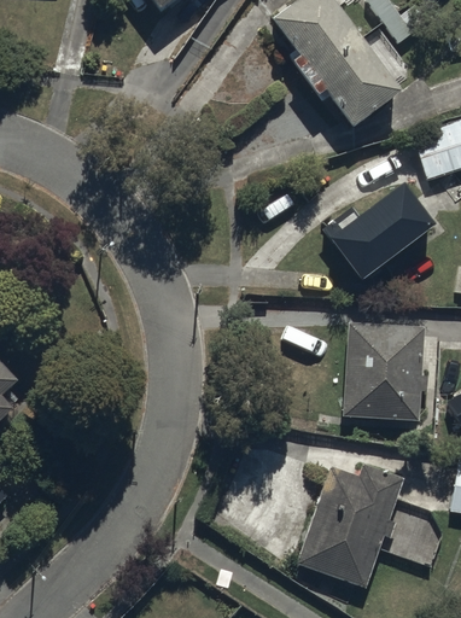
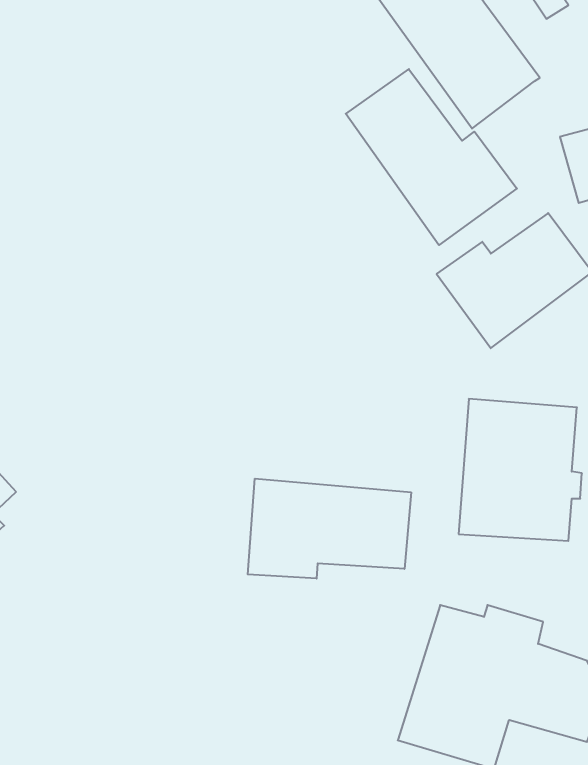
building: none -> [346,69,517,245]
building: none -> [248,479,411,579]

